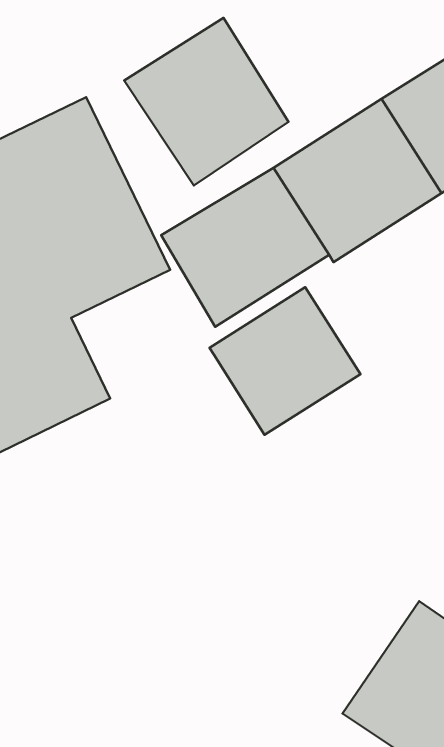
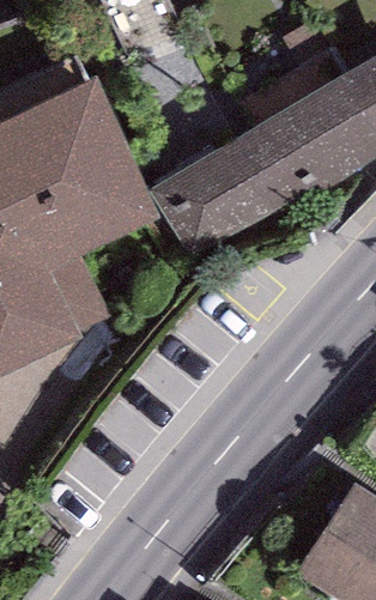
building: [124,18,289,186] -> none
building: [209,287,361,435] -> none

